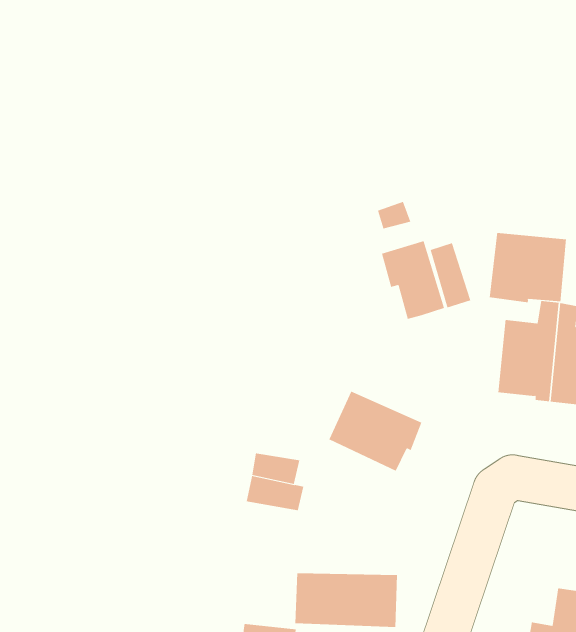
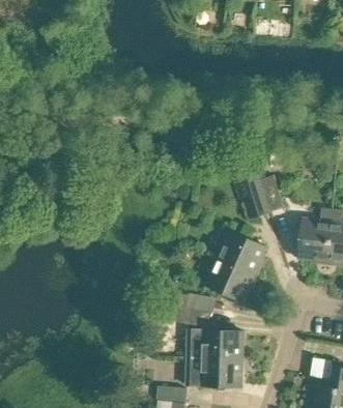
building: [489,232,566,303] -> none
building: none -> [218,230,267,274]
building: none -> [188,329,245,358]

